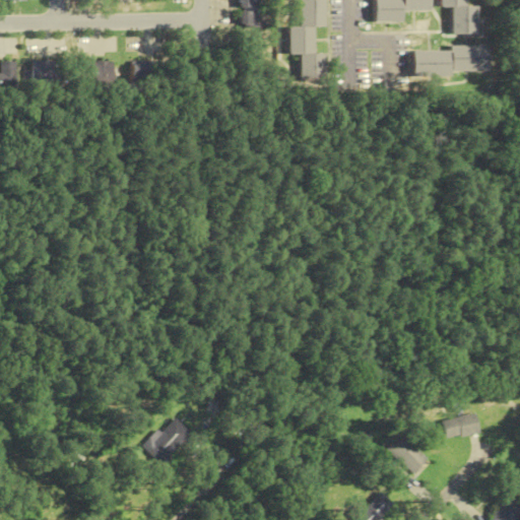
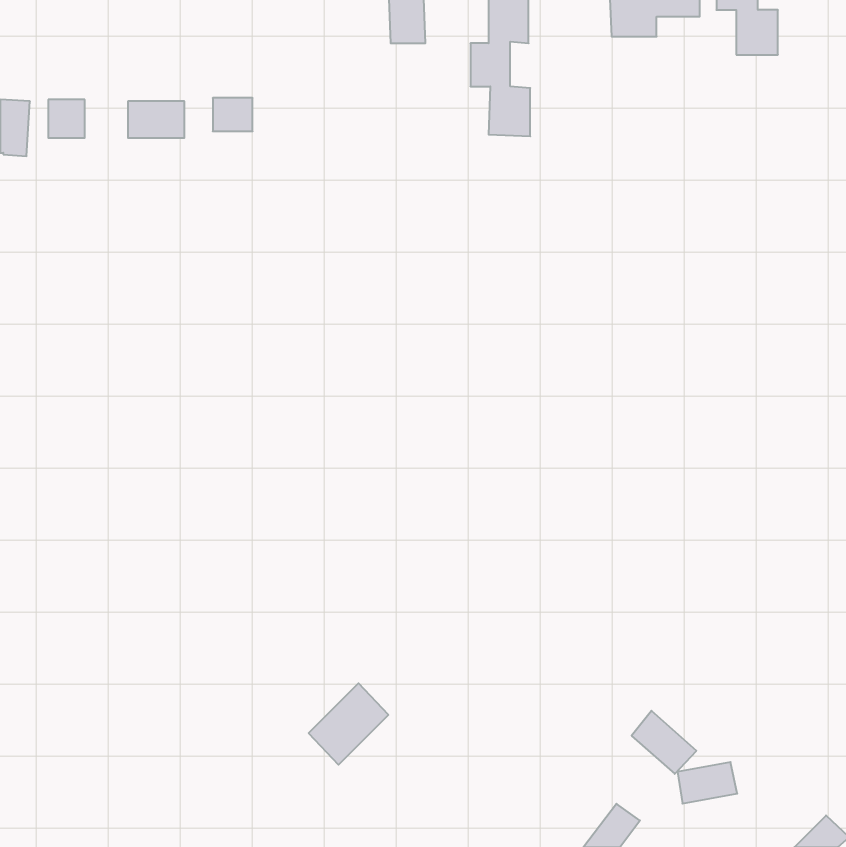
building: [413,46,489,74] -> none
building: [442,413,478,439] -> [677,762,737,804]
building: [145,416,194,466] -> [309,683,388,765]

